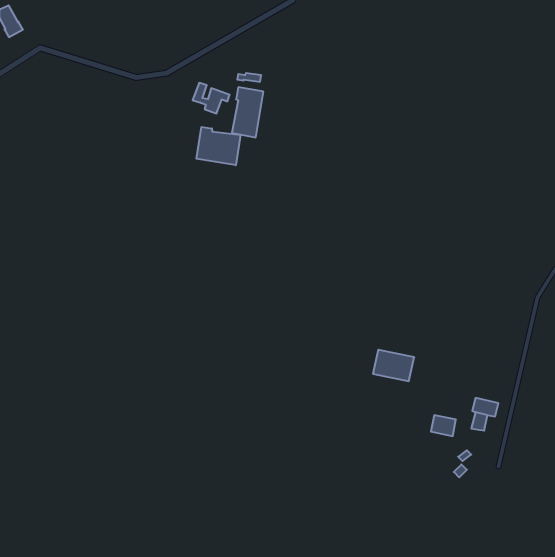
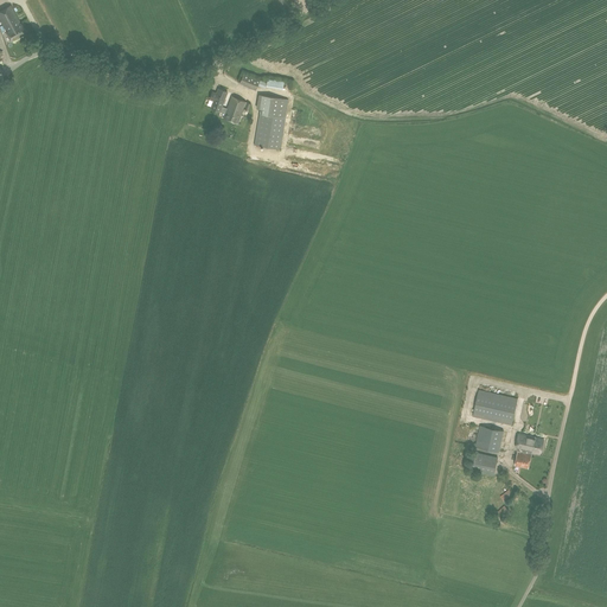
building: [196,127,240,165] -> none
building: [373,350,414,381] -> [472,390,517,424]
building: none -> [474,426,503,452]

